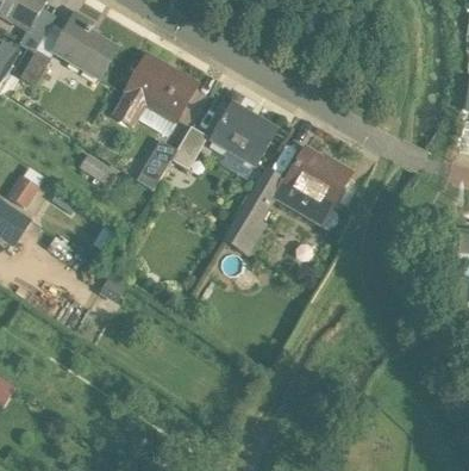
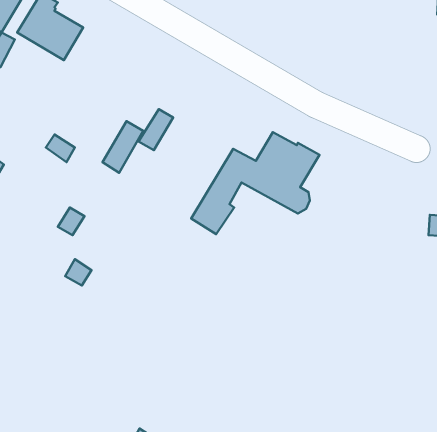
building: [111,55,196,128] -> none
building: [210,106,275,167] -> none

